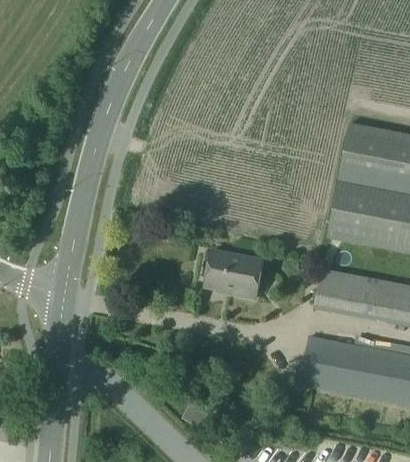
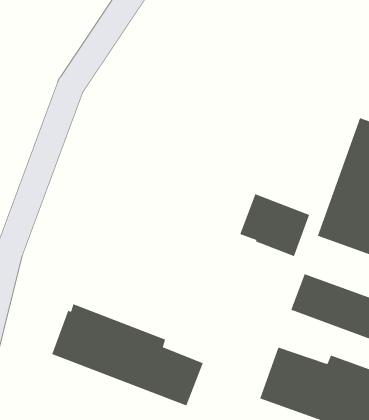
building: [204,250,263,300] -> [239,193,310,257]
building: none -> [51,303,204,407]

